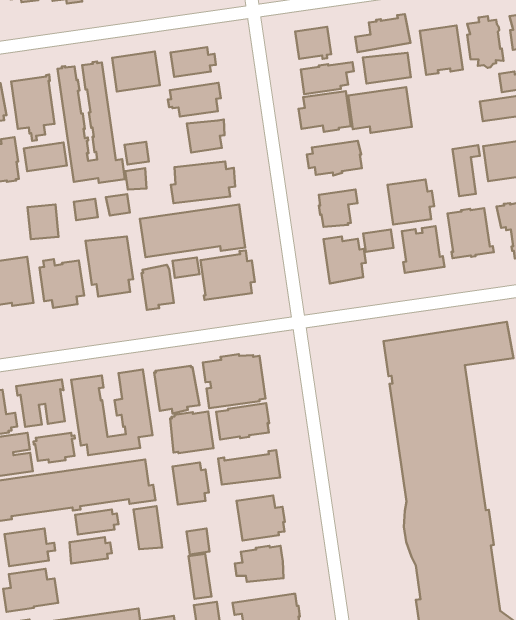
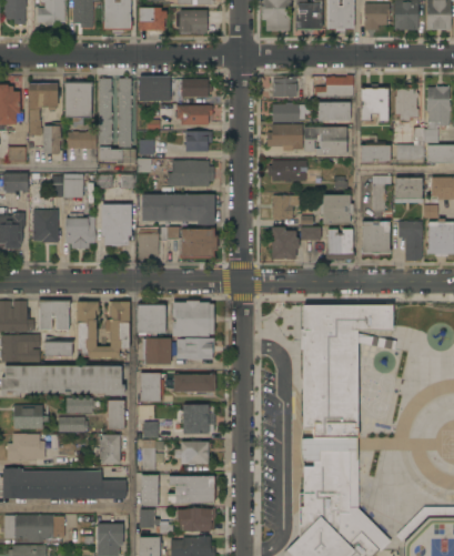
building: none -> [360,142,390,163]
building: none -> [100,435,120,465]

